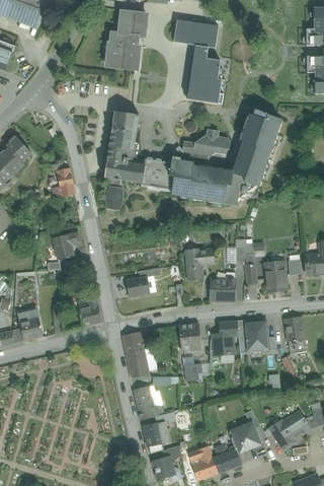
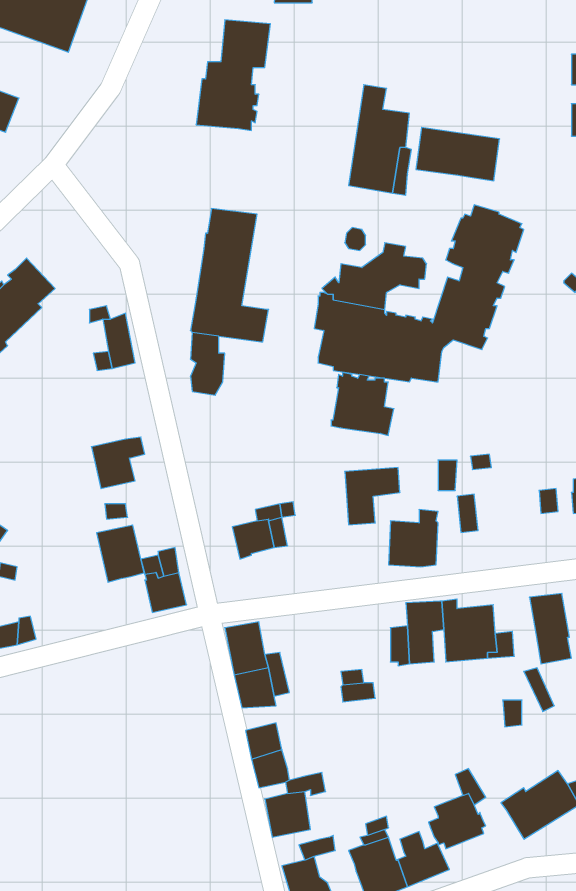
building: [173,20,218,49] -> [416,127,500,181]
building: [141,157,174,191] -> [331,373,394,435]
building: [263,261,287,292] -> none
building: [17,310,43,341] -> [97,525,144,582]
building: [178,324,200,350] -> none

